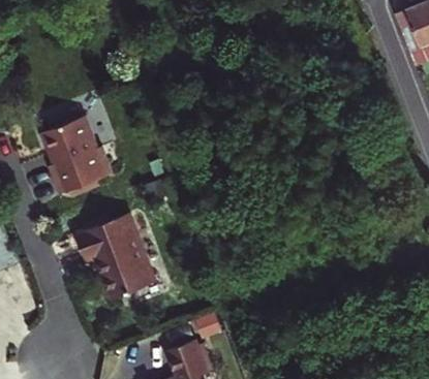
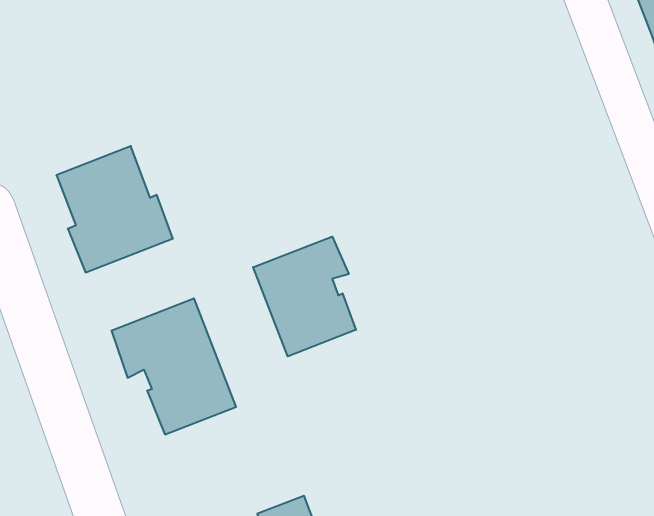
building: none -> [253,237,356,356]

